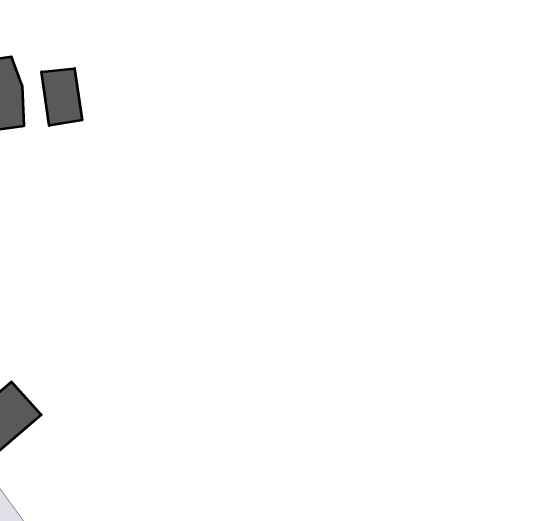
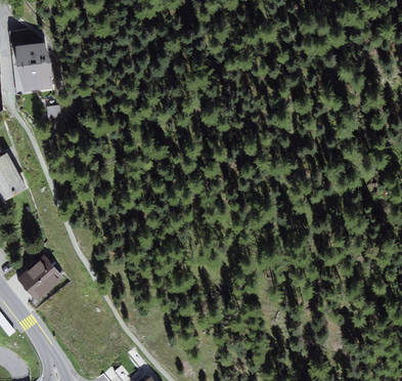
building: [42,68,82,126] -> none

